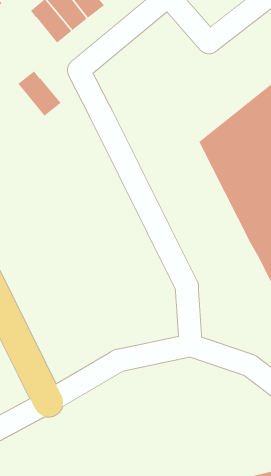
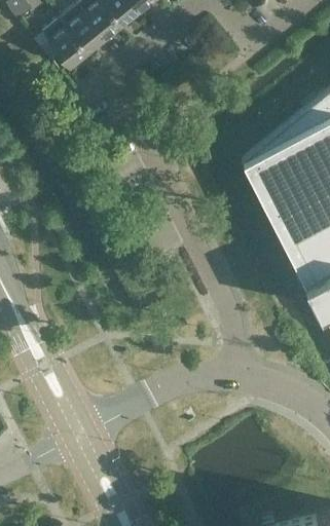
building: [17,70,61,116] -> [41,22,88,71]

